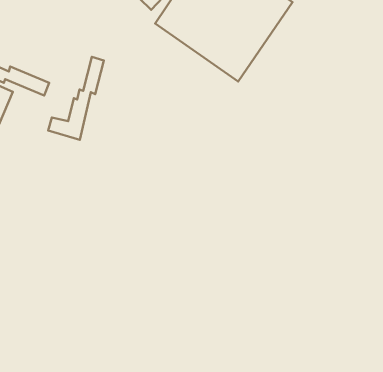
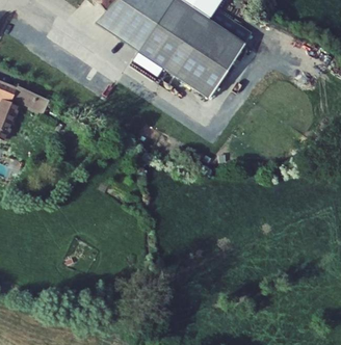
building: [48,57,104,140] -> none

